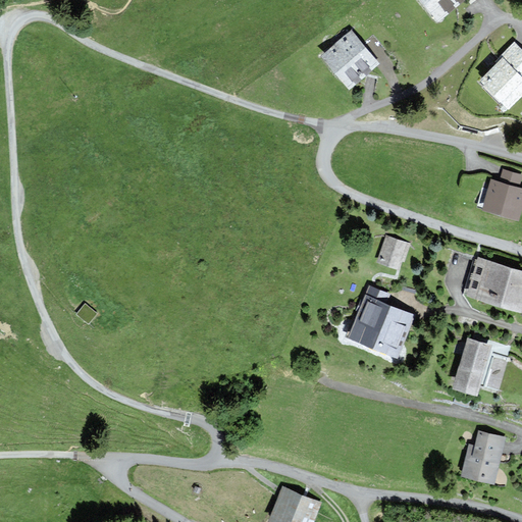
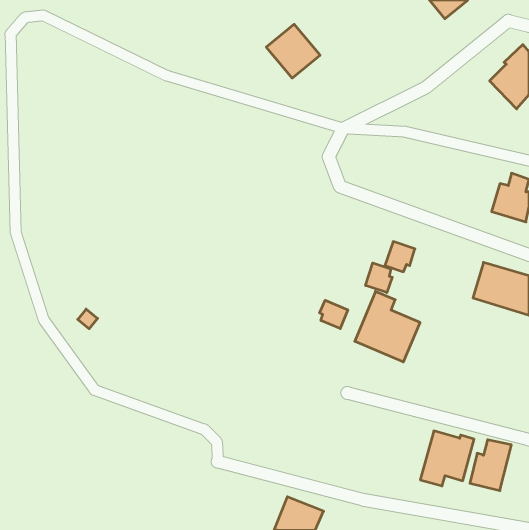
building: [323,33,376,86] -> [266,24,320,78]
building: none -> [366,263,392,293]
building: none -> [320,300,348,329]
building: [455,340,508,394] -> [420,431,474,486]

